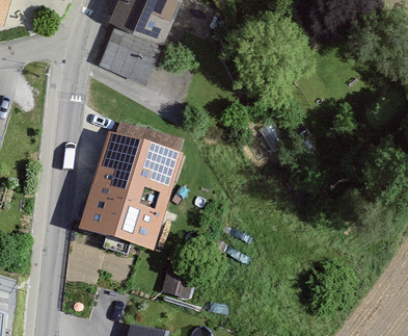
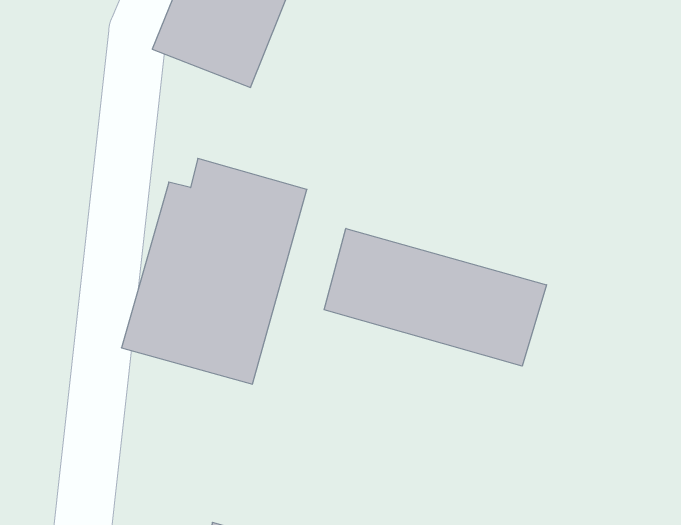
building: none -> [324,228,547,366]

